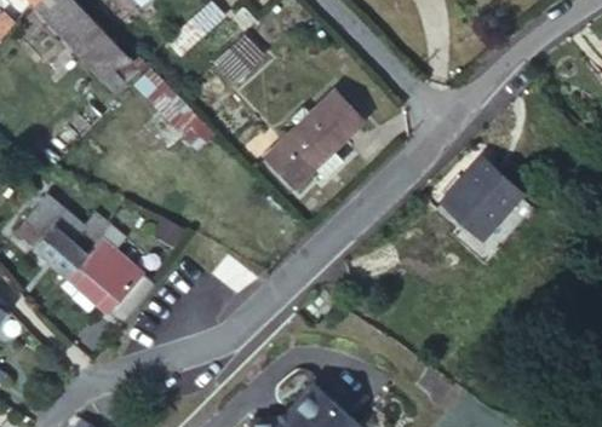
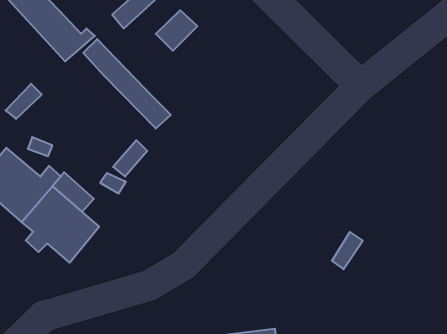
building: [266,92,363,187] -> none
building: [441,156,522,238] -> none

